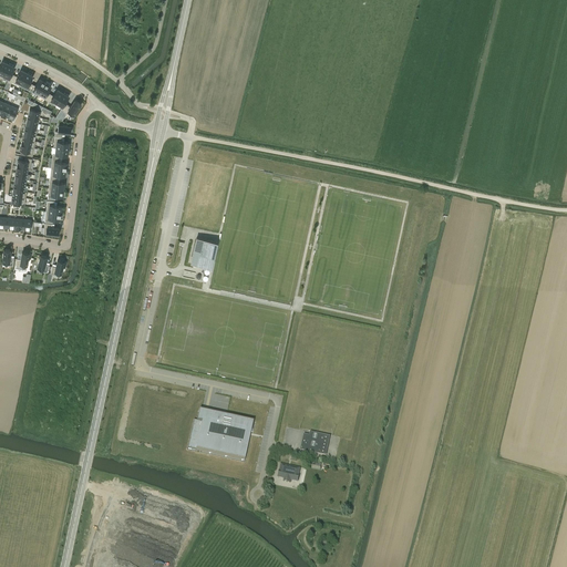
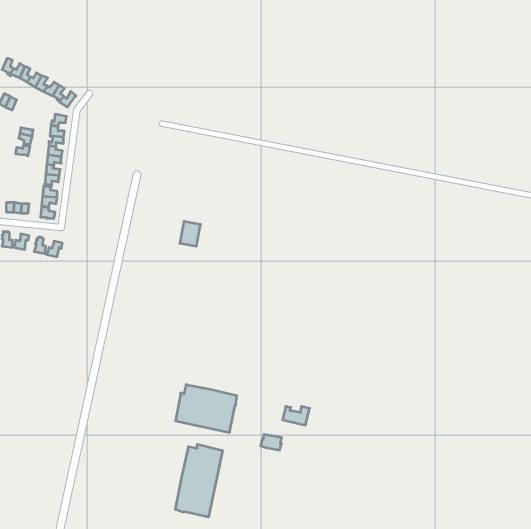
building: none -> [176,444,222,517]

